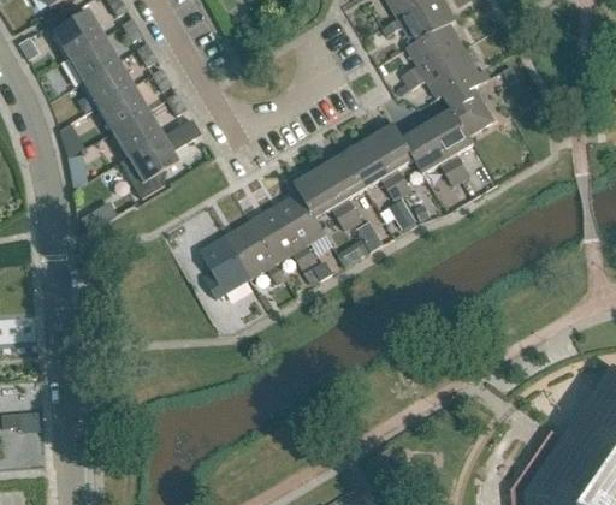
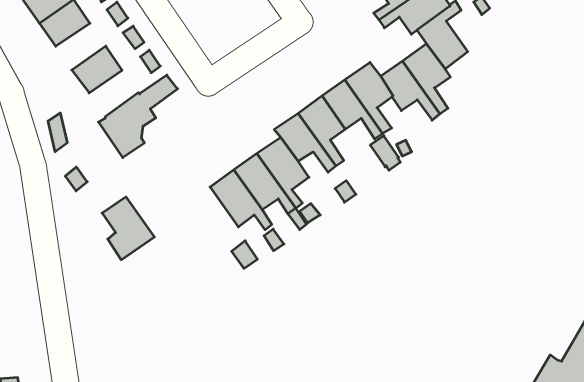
building: [82,61,132,107] -> none
building: [112,111,161,156] -> none
building: [201,234,251,297] -> [102,197,154,260]

